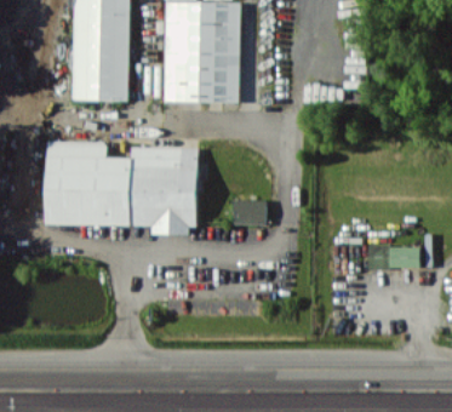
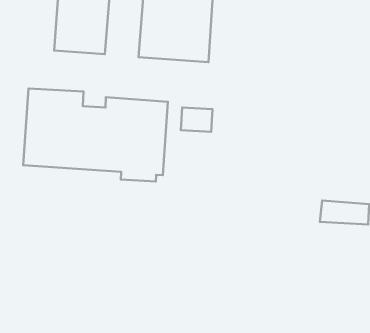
building: [231,200,264,224] -> [181,108,213,132]

